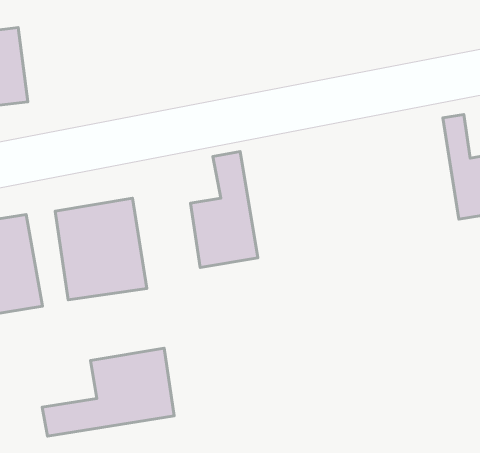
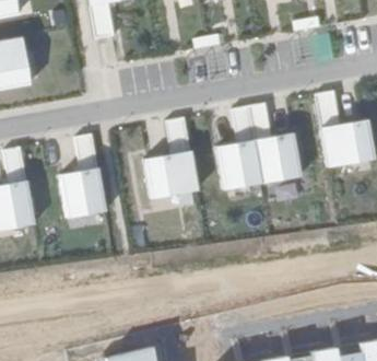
building: none -> [215,107,295,191]
building: [42,348,174,436] -> none

